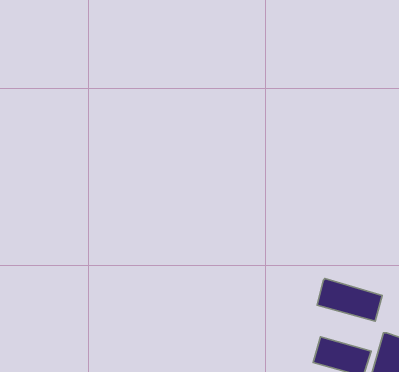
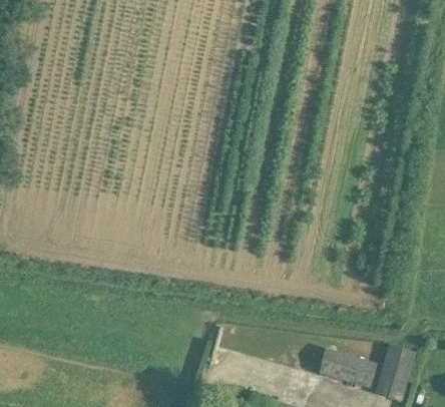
building: [317,278,382,321] -> none

